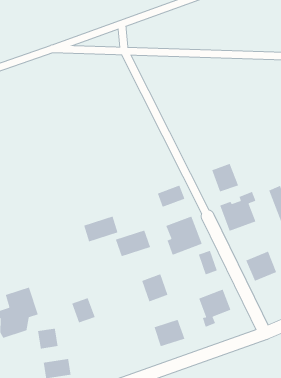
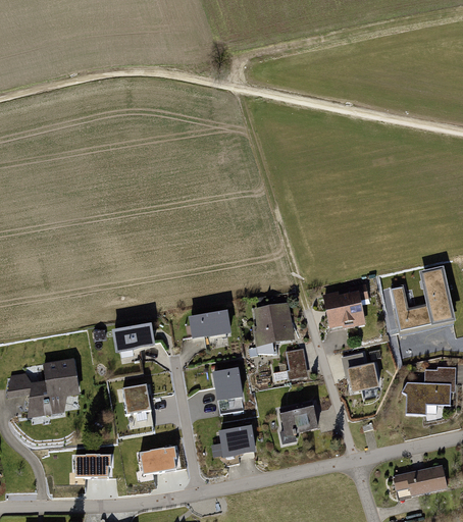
building: [211,163,239,192] -> none
building: [157,184,185,208] -> none
building: [83,216,119,243] -> [111,323,153,352]
building: [37,328,59,349] -> none
building: none -> [139,448,174,473]

